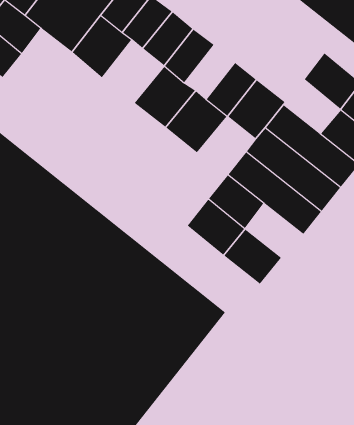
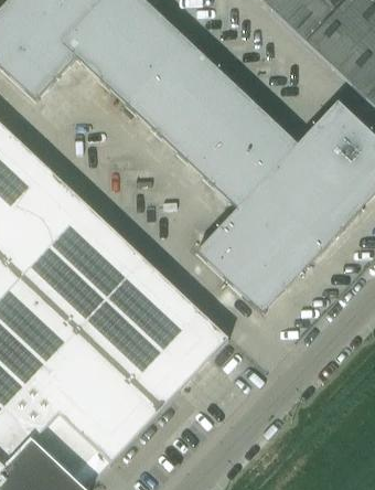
building: none -> [130,75,189,134]
building: none -> [206,86,255,136]
building: none -> [297,125,350,177]
building: none -> [213,153,268,209]
building: none -> [251,237,304,289]

